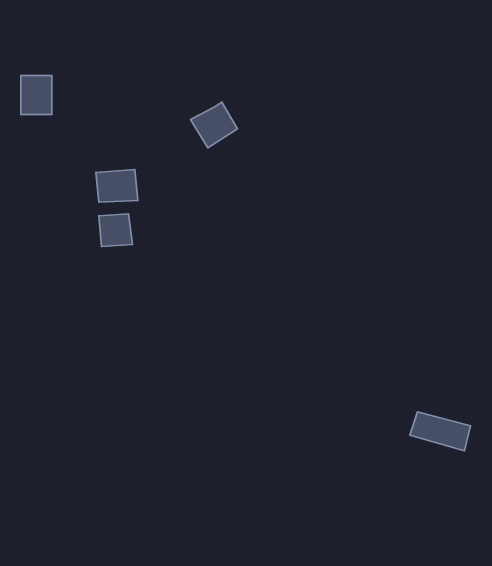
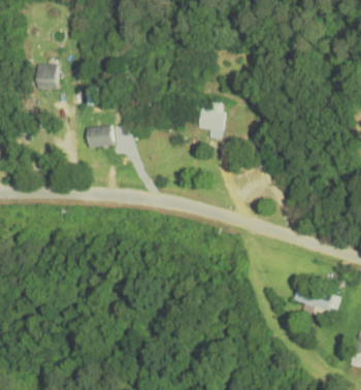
building: [191,102,238,148] -> [197,103,228,133]
building: [99,214,133,246] -> none

